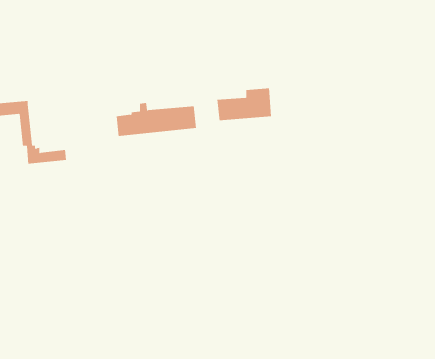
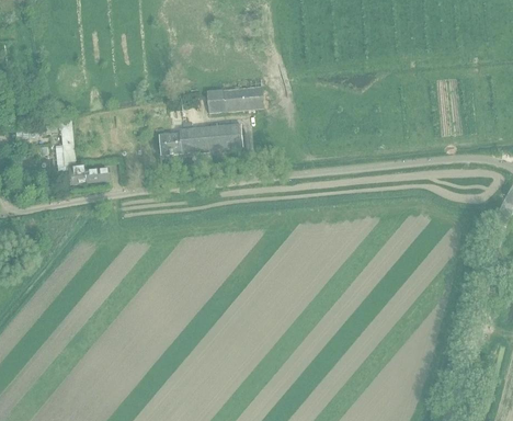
building: [217,88,272,121] -> [206,80,263,114]

